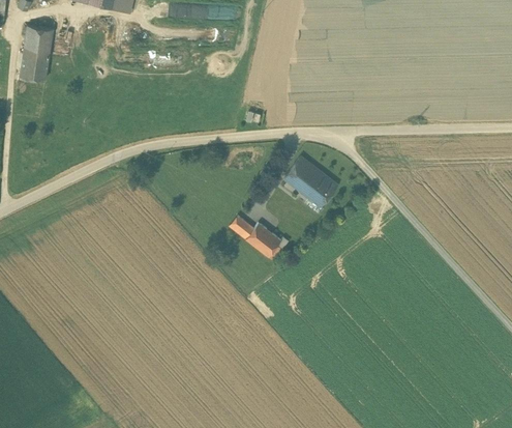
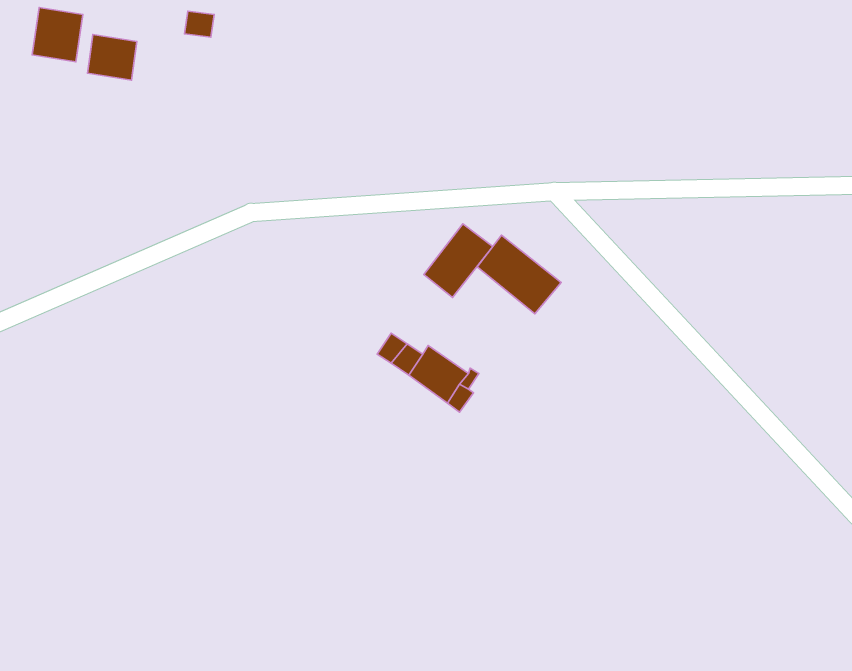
building: [21,53,50,80] -> [88,35,137,80]
building: none -> [424,224,493,297]

